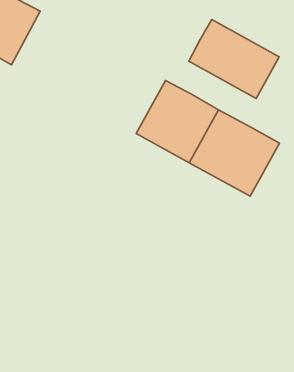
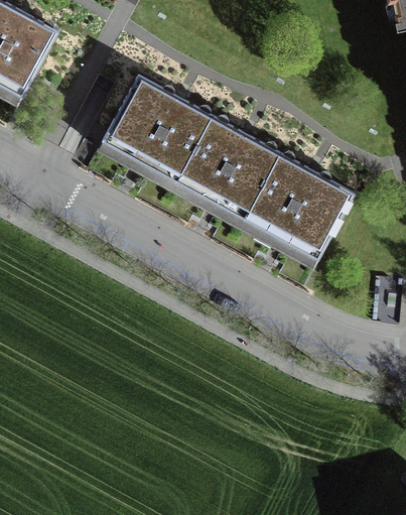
building: [189,20,279,98] -> none
building: none -> [101,75,213,181]

